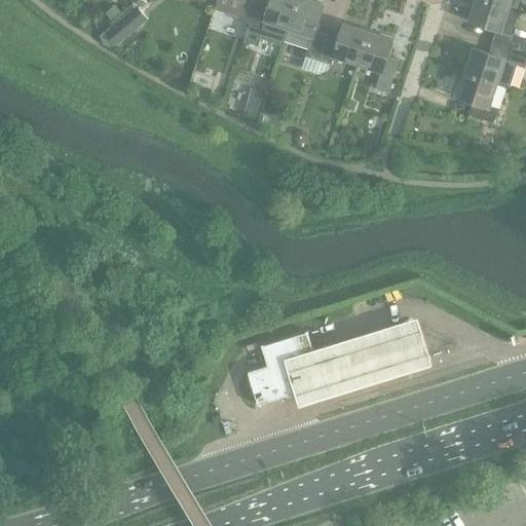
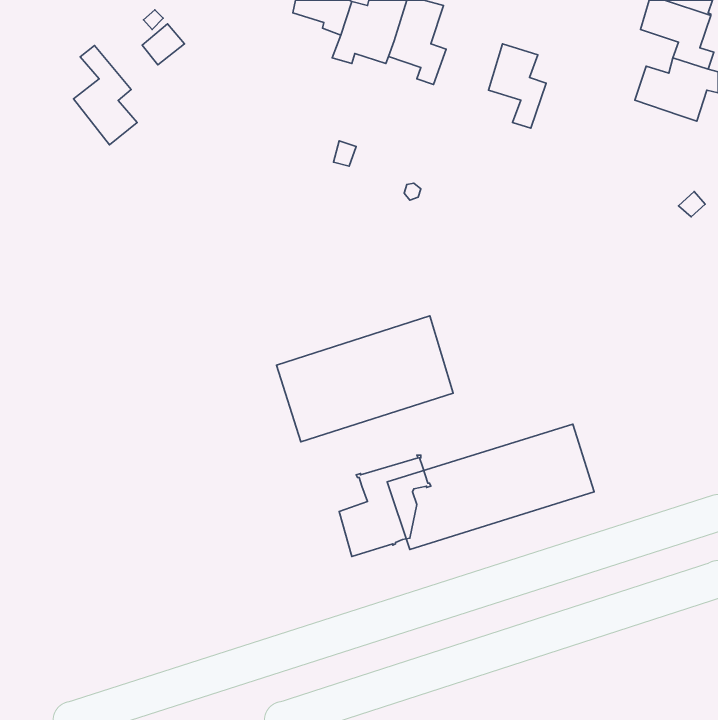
building: [316,24,367,66] -> none
building: none -> [73,46,137,145]
building: [455,73,496,123] -> none
building: none -> [277,316,453,442]

